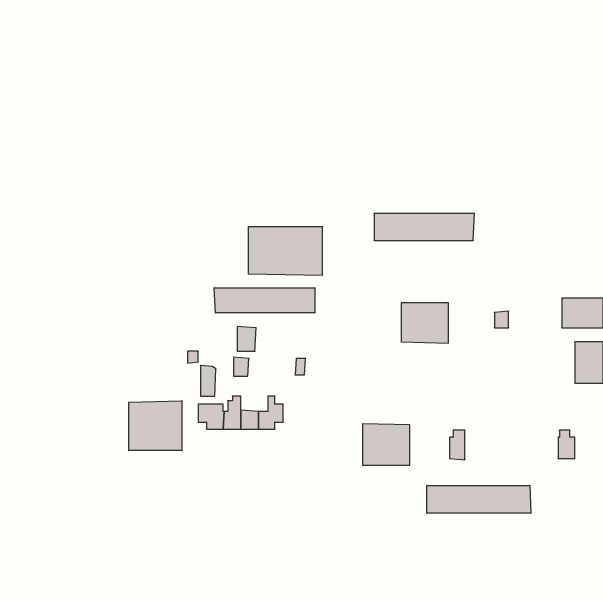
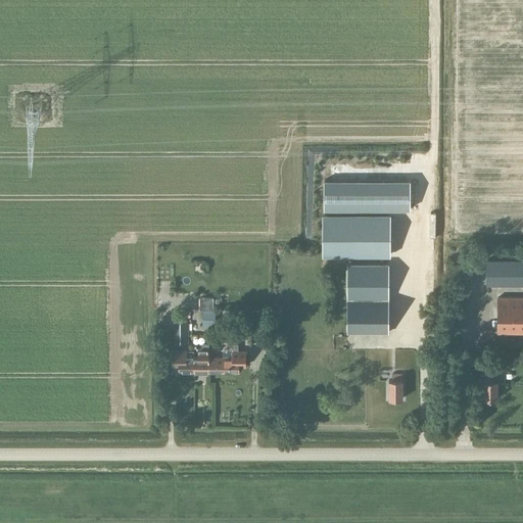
building: [248,227,323,275] -> [324,216,388,257]
building: [214,288,315,313] -> none
building: [129,401,182,451] -> none
building: [363,424,410,465] -> [347,298,388,334]
building: [427,485,531,513] -> none

